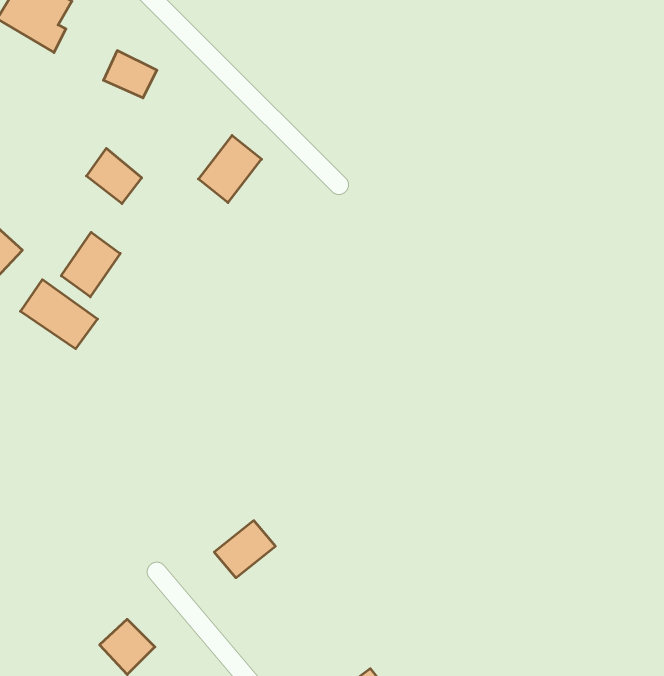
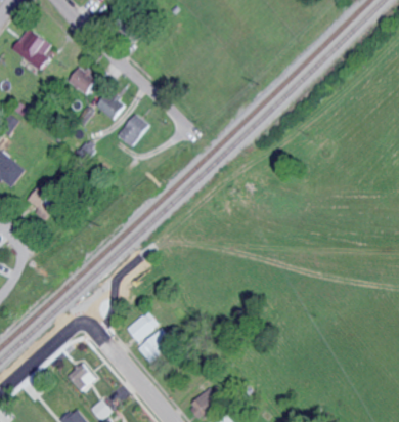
building: [86,148,142,204] -> [97,92,126,121]
building: [61,232,120,297] -> none
building: none -> [137,330,174,363]

